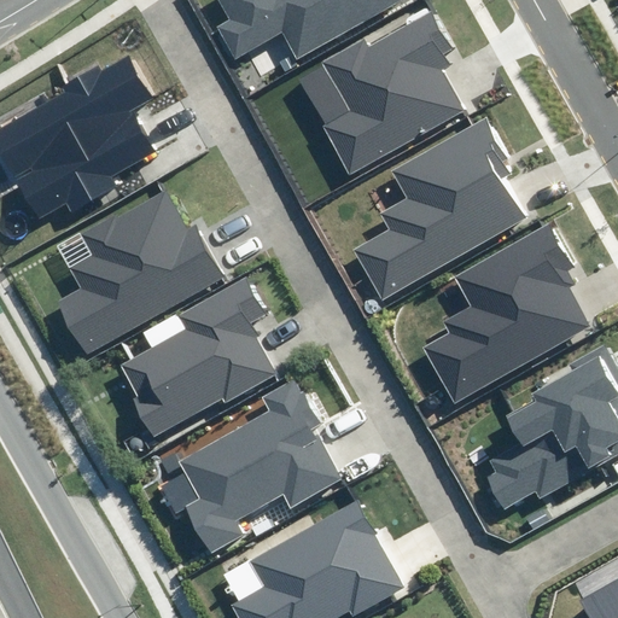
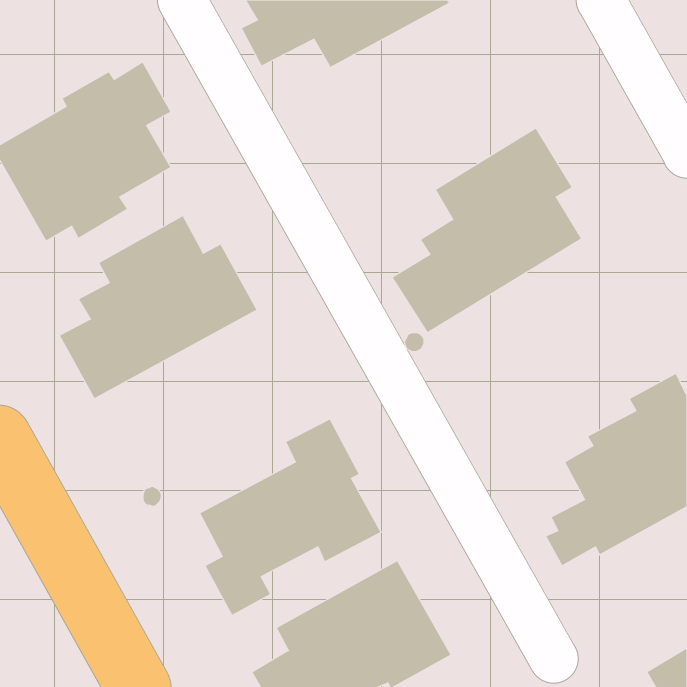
building: [321,14,457,169] -> none
building: [420,222,591,406] -> none
building: [118,275,276,437] -> none

